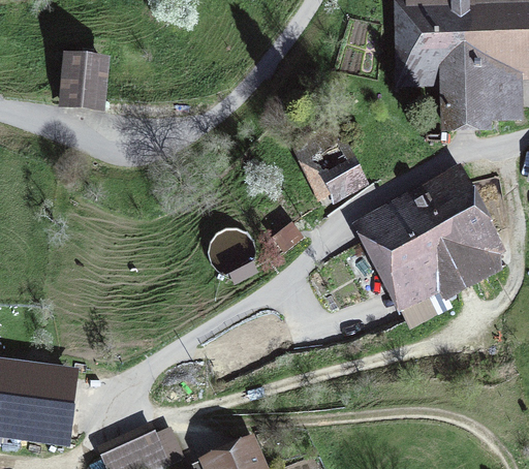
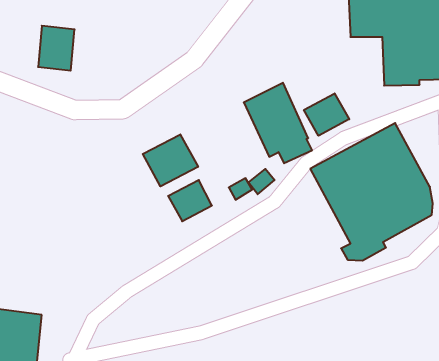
building: none -> [304,93,349,136]
building: none -> [143,134,198,186]

